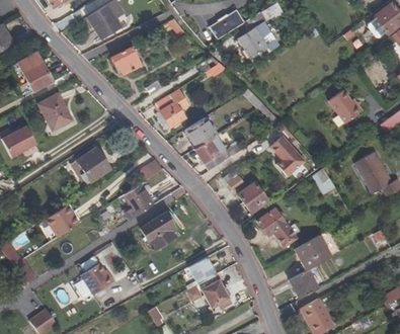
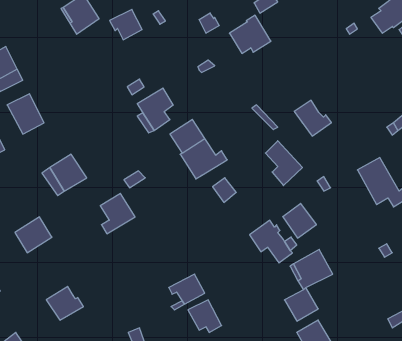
building: [111,47,141,74] -> [110,9,142,40]
building: [327,89,361,121] -> [294,100,331,136]
building: [238,181,268,213] -> [283,203,316,238]
building: [141,212,176,250] -> none

